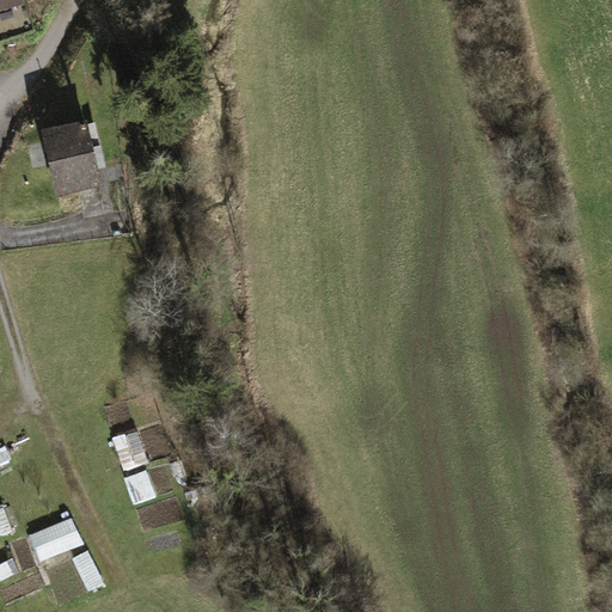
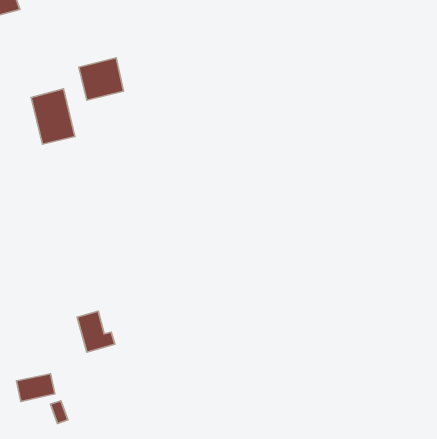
building: none -> [79,58,123,100]

